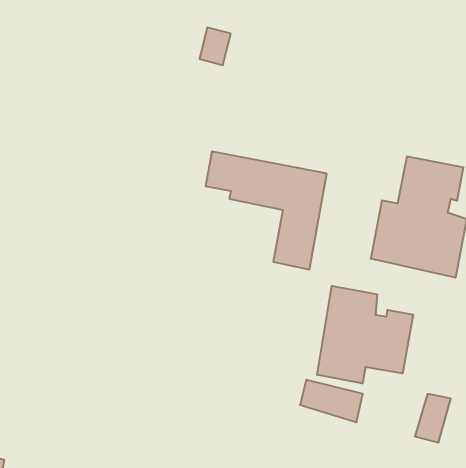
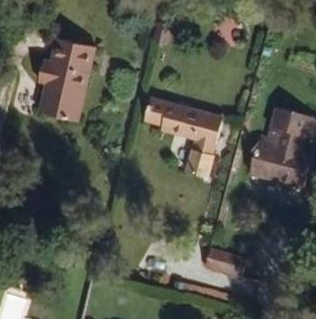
building: none -> [38,47,96,128]
building: [317,286,413,384] -> none

